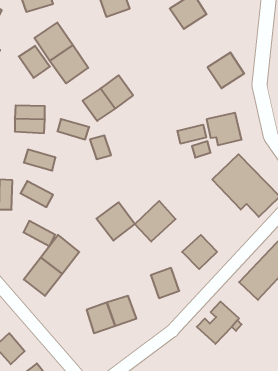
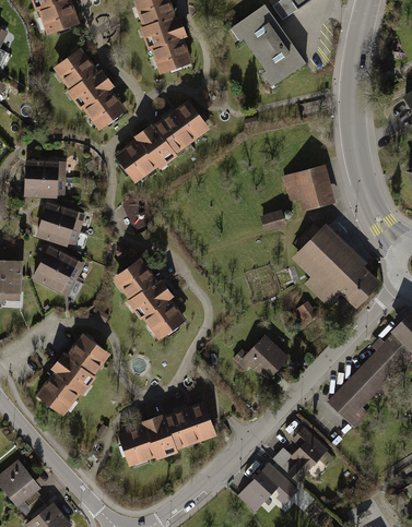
building: none -> [148,29,192,75]
building: [19,46,50,78] -> none
building: [208,52,244,88] -> [251,37,301,85]
building: none -> [164,101,208,146]
building: [57,119,89,139] -> [43,202,85,229]
building: [177,125,206,144] -> none
building: none -> [113,260,164,311]
building: [135,201,176,242] -> none
building: [23,221,55,246] -> [42,245,84,279]
building: [151,268,179,298] -> [177,405,215,445]
building: none -> [233,459,295,508]

